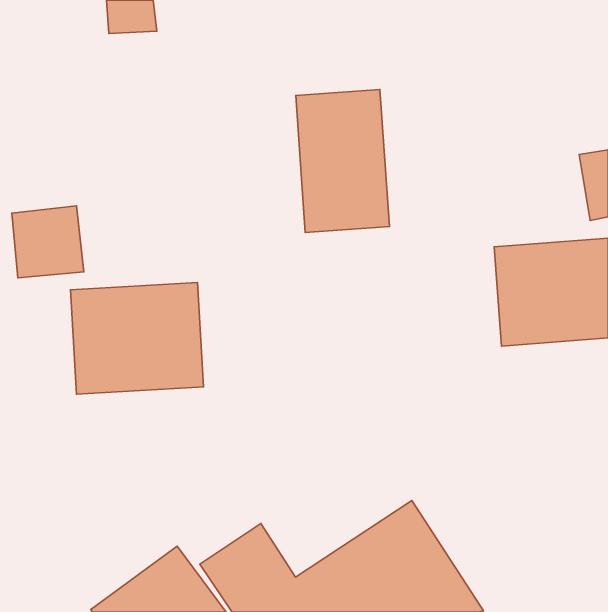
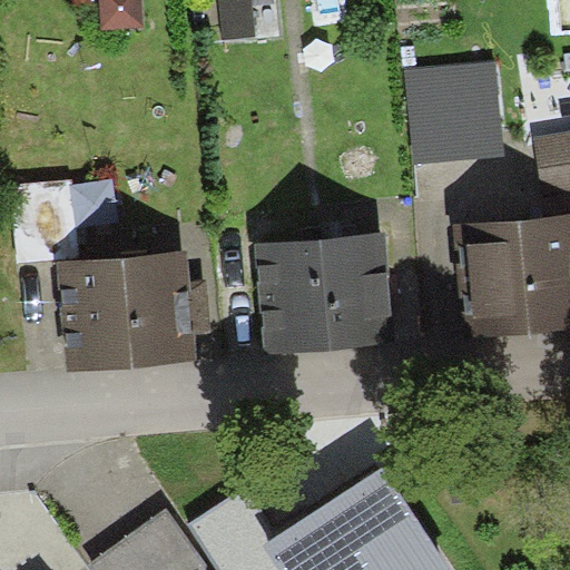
building: none -> [405,67,503,169]
building: [296,90,389,232] -> none
building: none -> [264,242,385,350]

